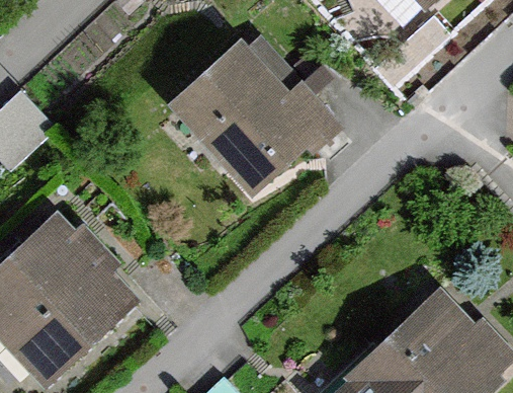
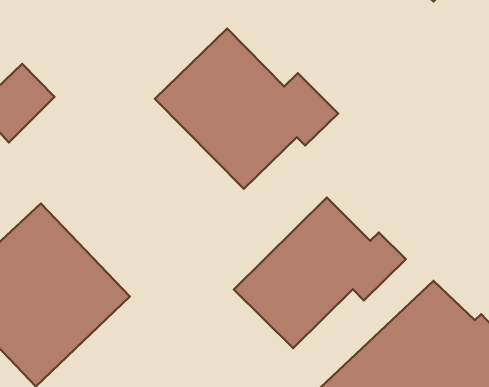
building: none -> [234,198,406,348]

